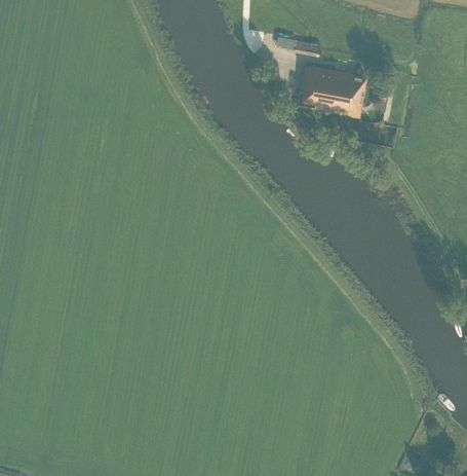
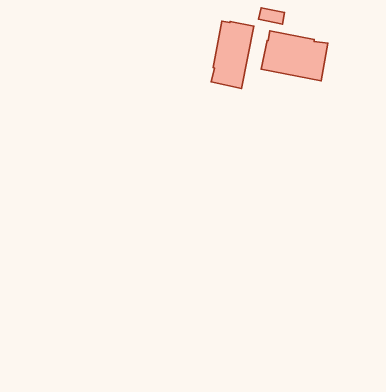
building: none -> [211,21,254,88]

